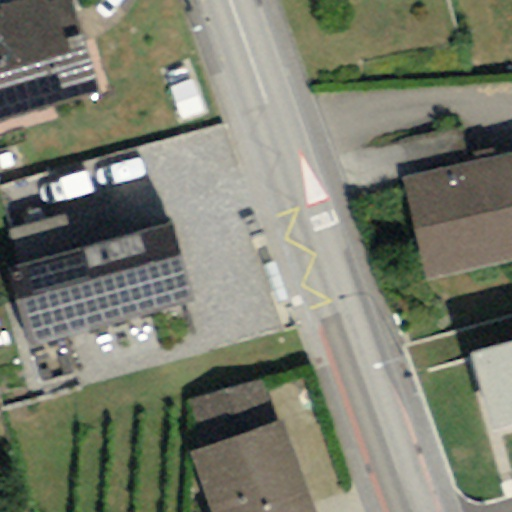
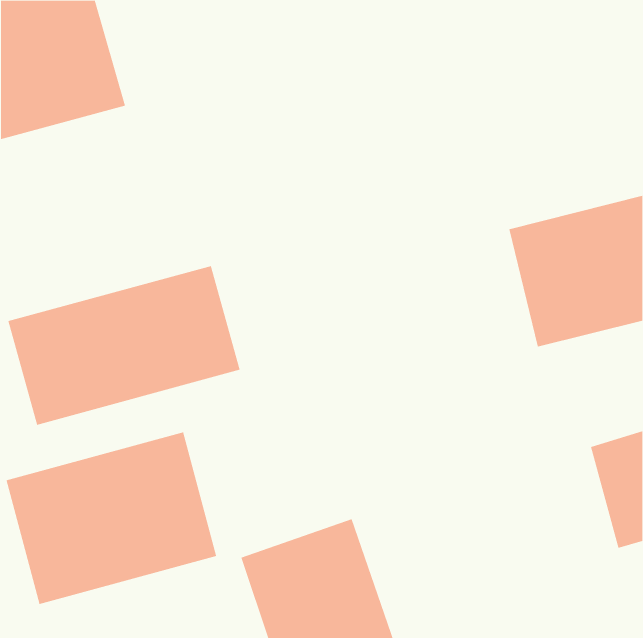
building: none -> [6,431,217,605]

